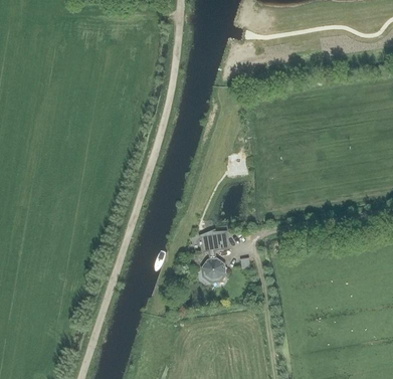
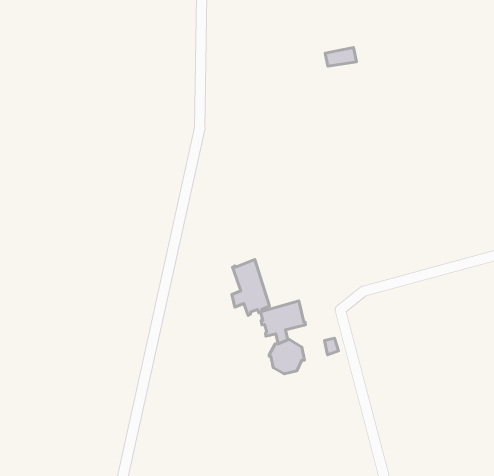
building: none -> [232,260,270,315]

